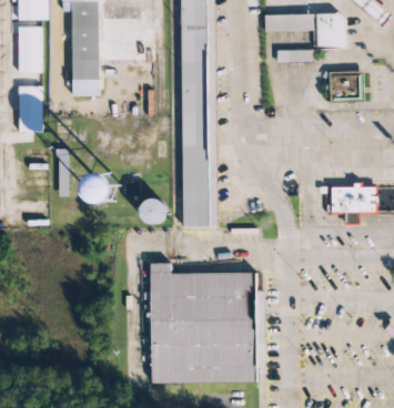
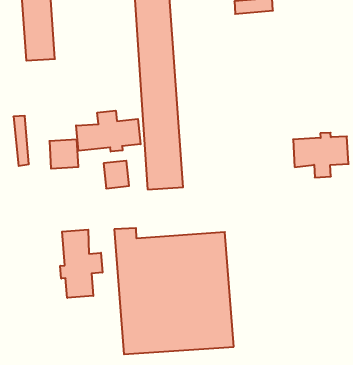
building: [329,70,363,101] -> none
building: none -> [76,111,141,152]
building: none -> [60,230,102,298]

